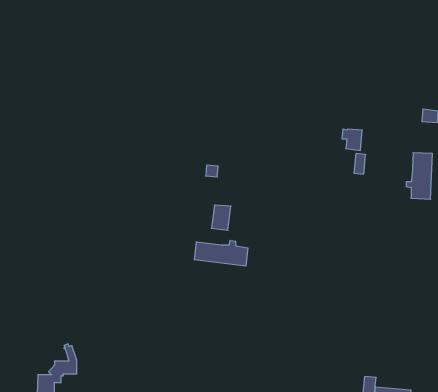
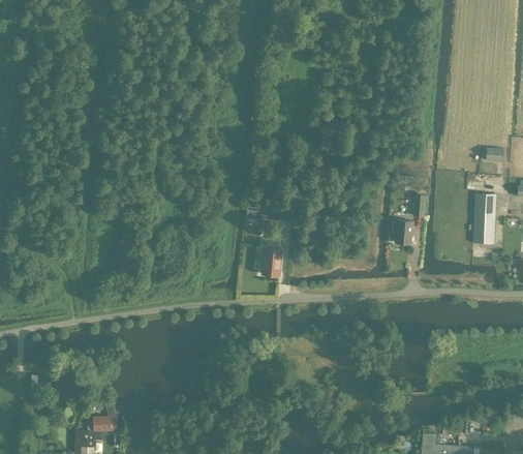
building: [342,129,362,150] -> [391,221,412,244]
building: [194,240,248,266] -> none

